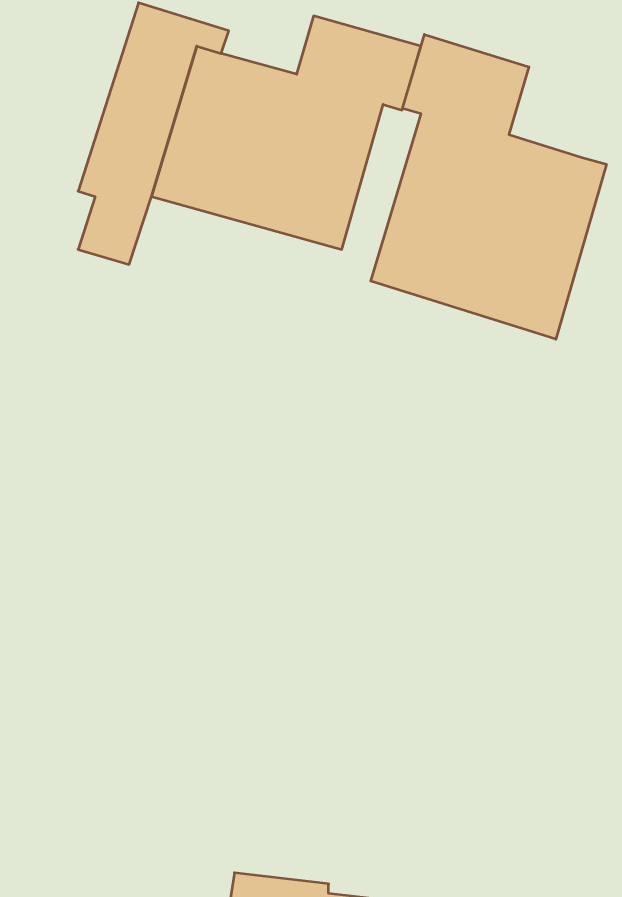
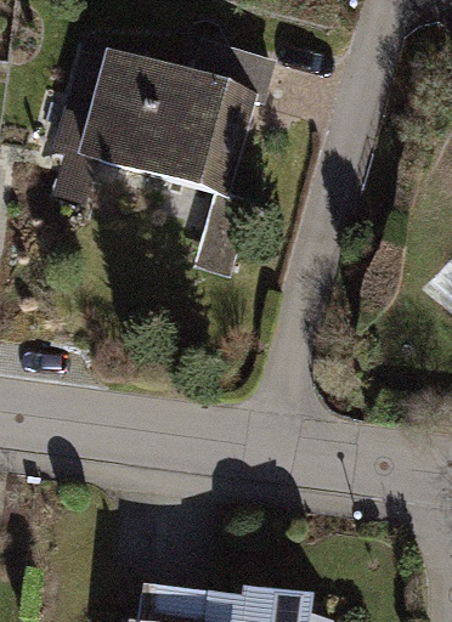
building: [371,34,606,339] -> none

